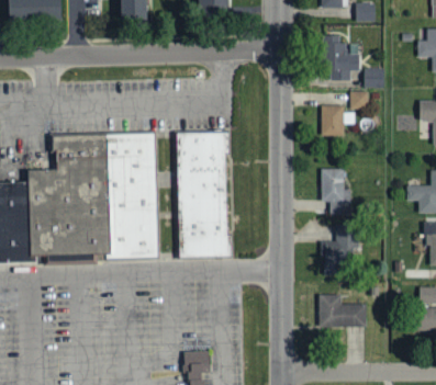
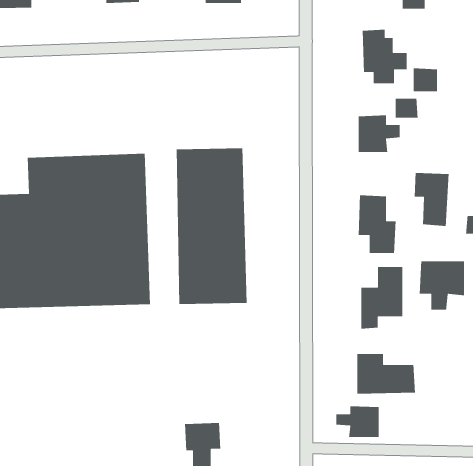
building: none -> [414,172,449,227]
building: none -> [419,260,465,311]
building: none -> [335,405,379,438]

